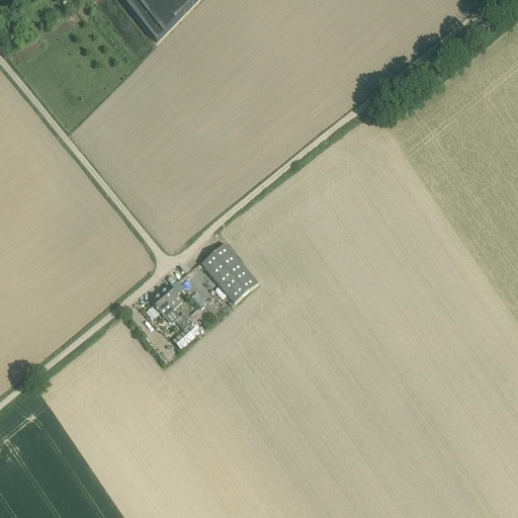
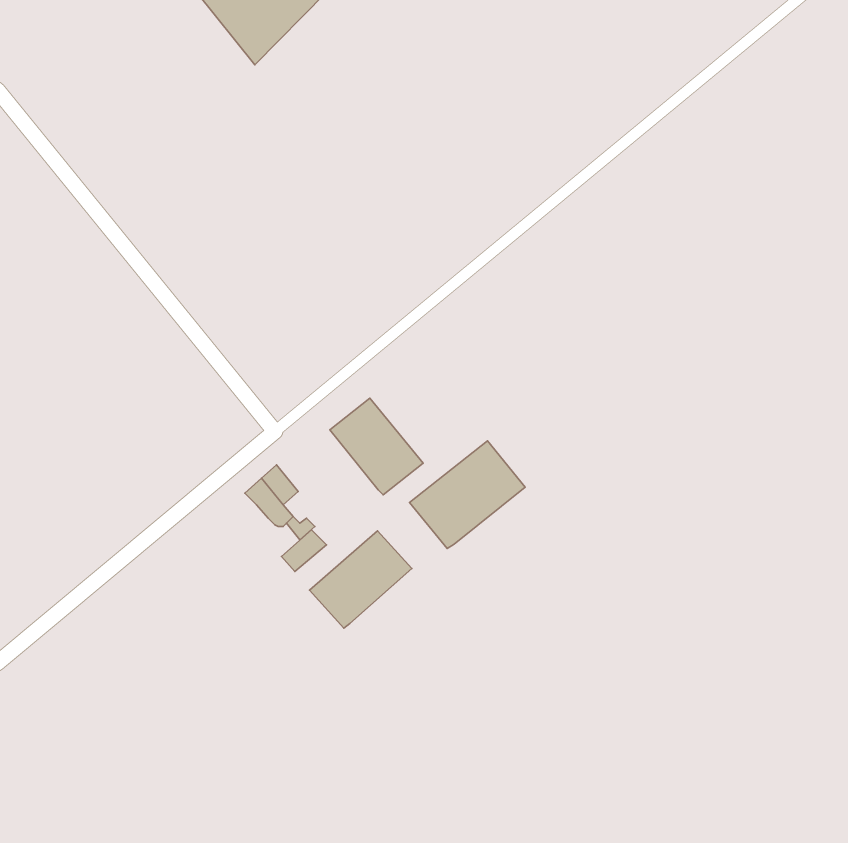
building: none -> [410,441,525,549]
building: none -> [310,531,412,628]

